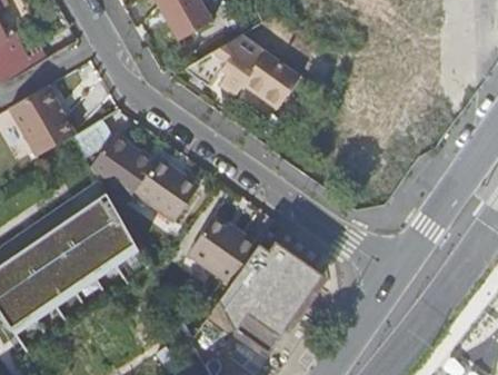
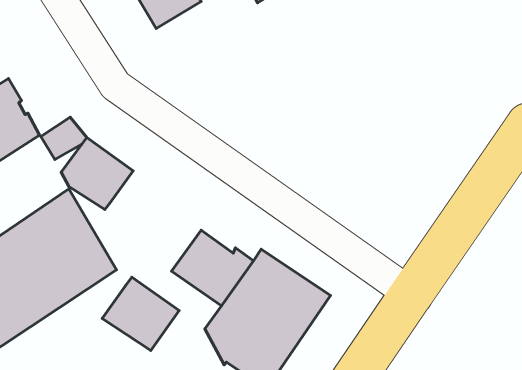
building: [183,33,301,106] -> none
building: [135,158,201,221] -> [102,277,179,350]

